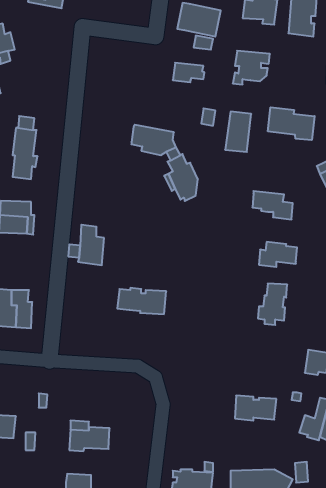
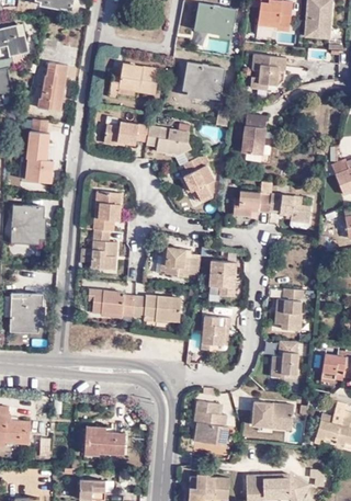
building: none -> [39,62,68,110]
building: none -> [181,65,223,99]
building: none -> [106,66,155,98]
building: [268,107,315,140] -> none
building: none -> [103,125,148,149]
building: none -> [95,191,124,231]
building: [259,242,297,267] -> [230,192,269,217]
building: none -> [161,247,199,277]
building: none -> [205,260,234,295]
building: none -> [87,287,134,314]
building: none -> [200,317,228,345]
building: none -> [271,340,297,378]
building: none -> [192,401,226,444]

